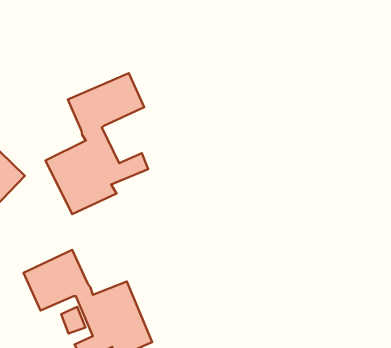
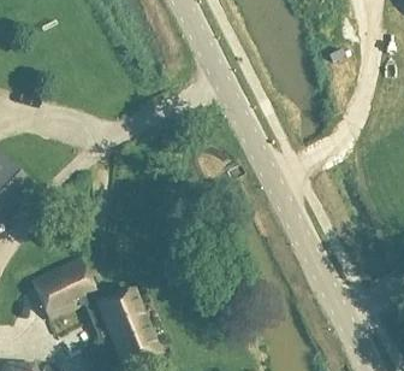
building: [46,73,148,214] -> none

